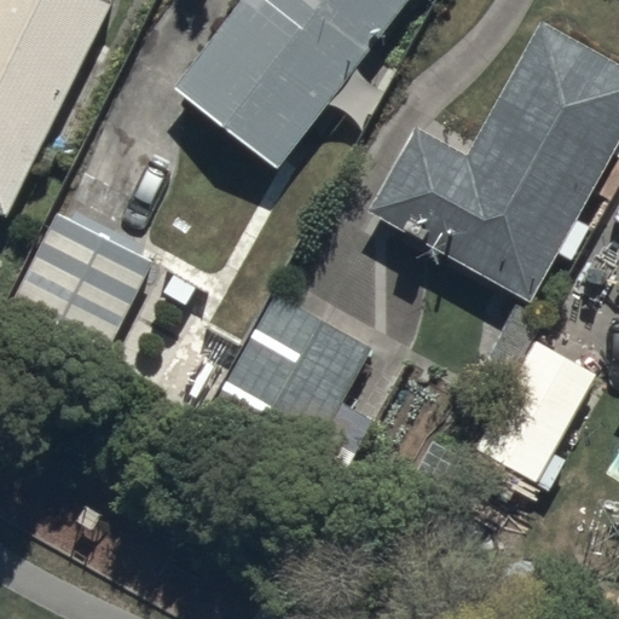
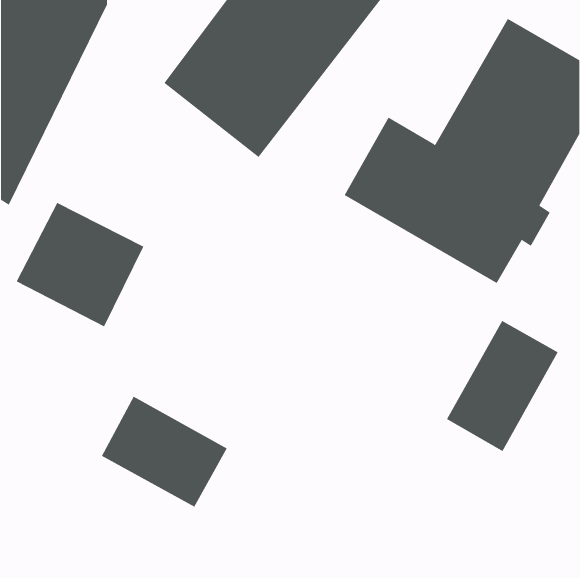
building: [210,295,372,482] -> none
building: none -> [101,396,227,507]

